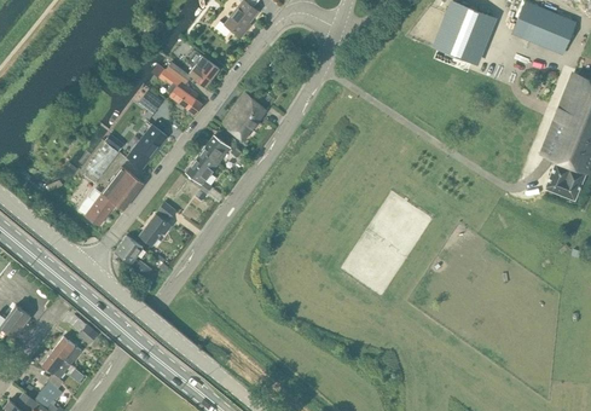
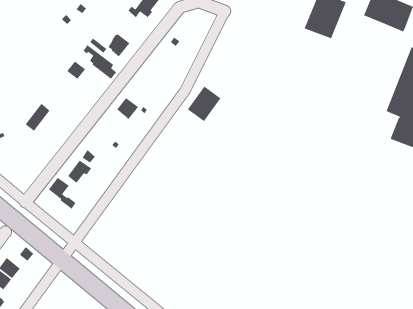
building: [222,94,266,140] -> [187,86,221,122]
building: [126,126,167,169] -> none
building: [185,152,216,193] -> none
building: [79,167,144,227] -> none

